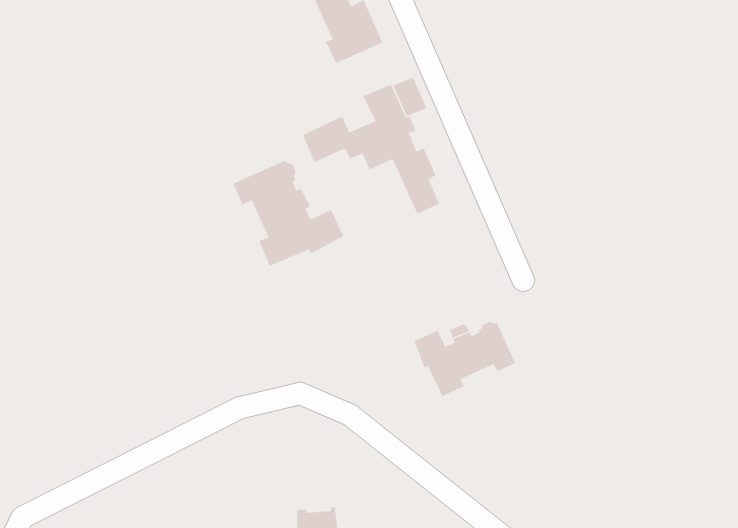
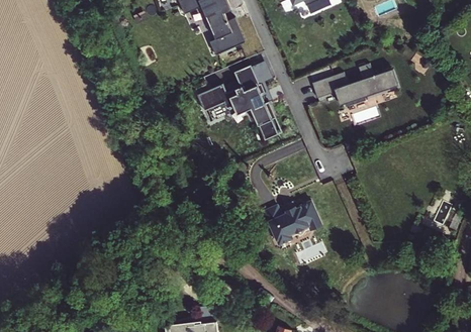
building: none -> [313,63,399,107]
building: [232,159,344,267] -> none

